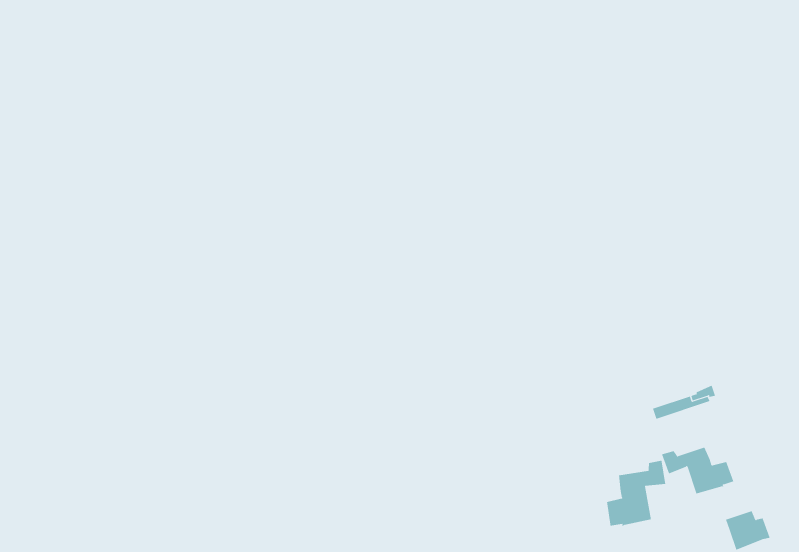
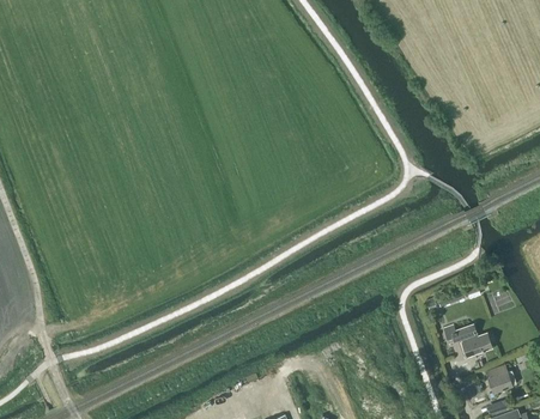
building: [606,460,666,528] -> none

